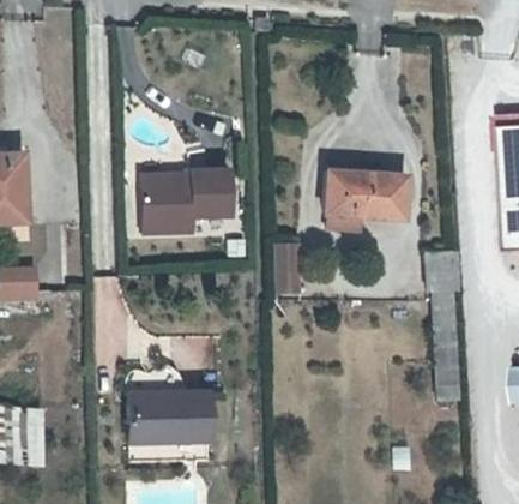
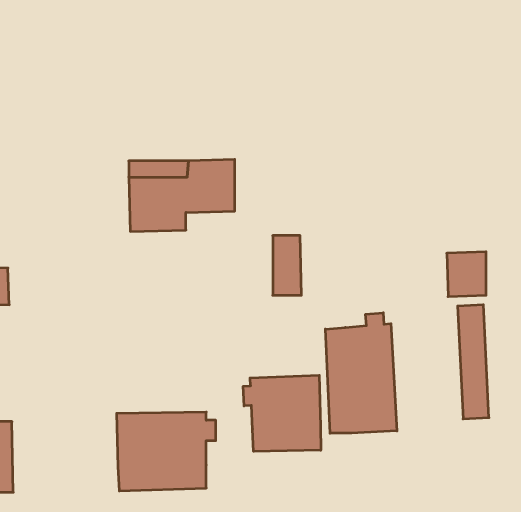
building: [327,170,405,221] -> none
building: none -> [325,313,397,433]
building: none -> [243,375,321,451]

